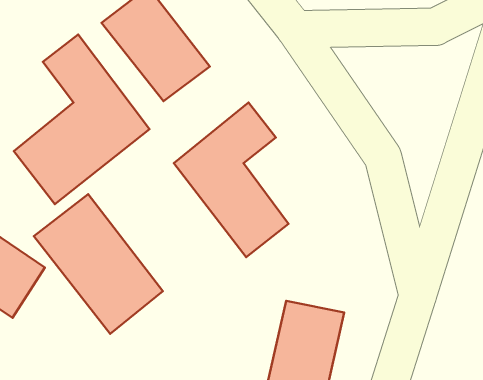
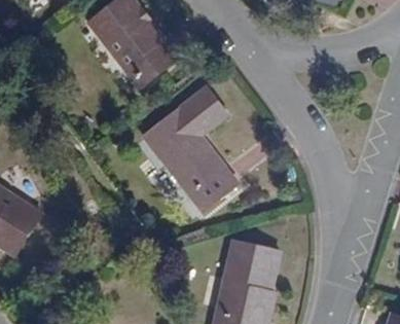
building: [14,34,150,204] -> none
building: [34,194,163,334] -> none

